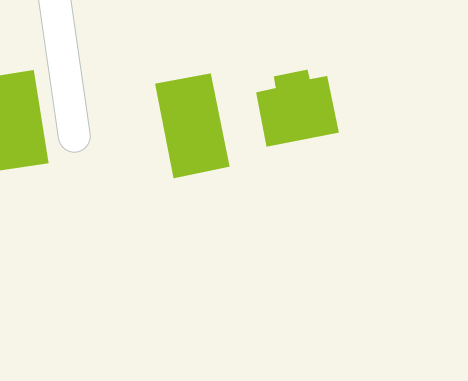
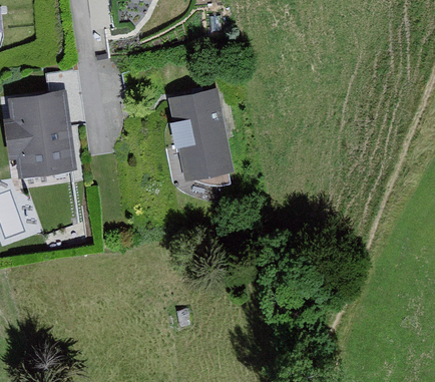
building: [255,69,339,147] -> none

